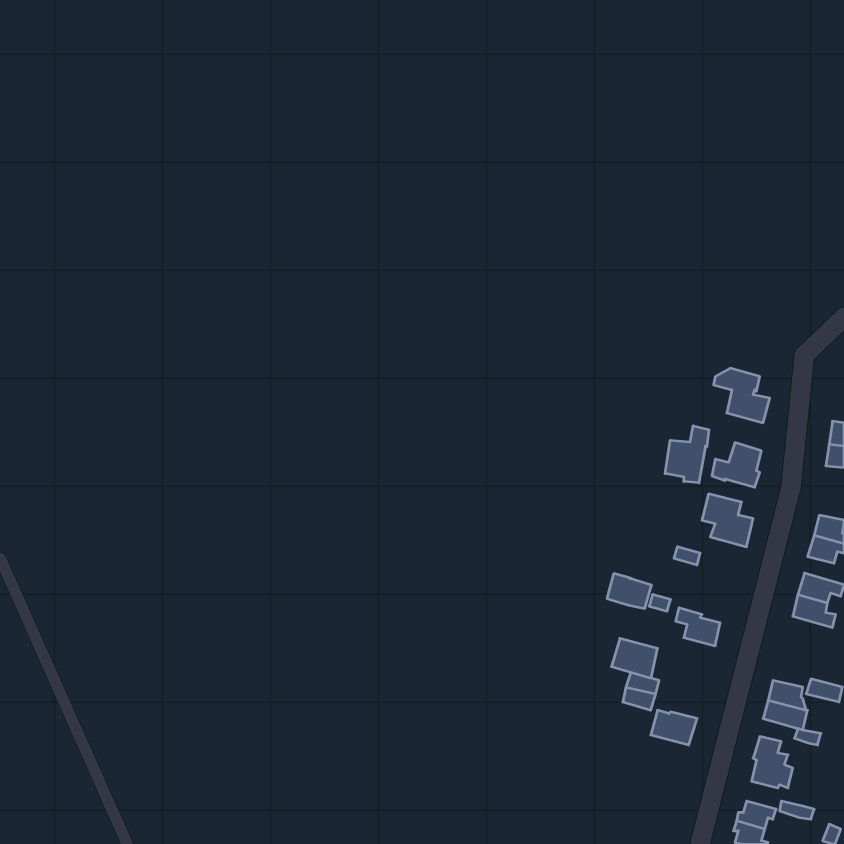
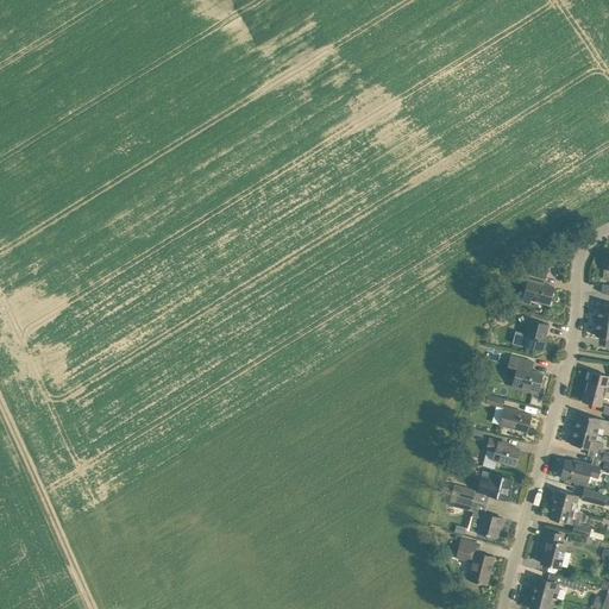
building: [665,426,709,483] -> none
building: [607,574,652,608] -> [500,407,532,432]
building: none -> [560,459,601,484]
building: [611,638,658,678] -> [478,471,511,500]
building: none -> [457,539,494,583]

